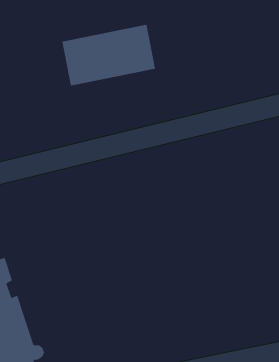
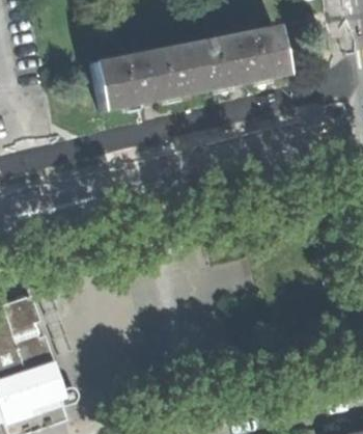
building: none -> [188,27,289,93]

